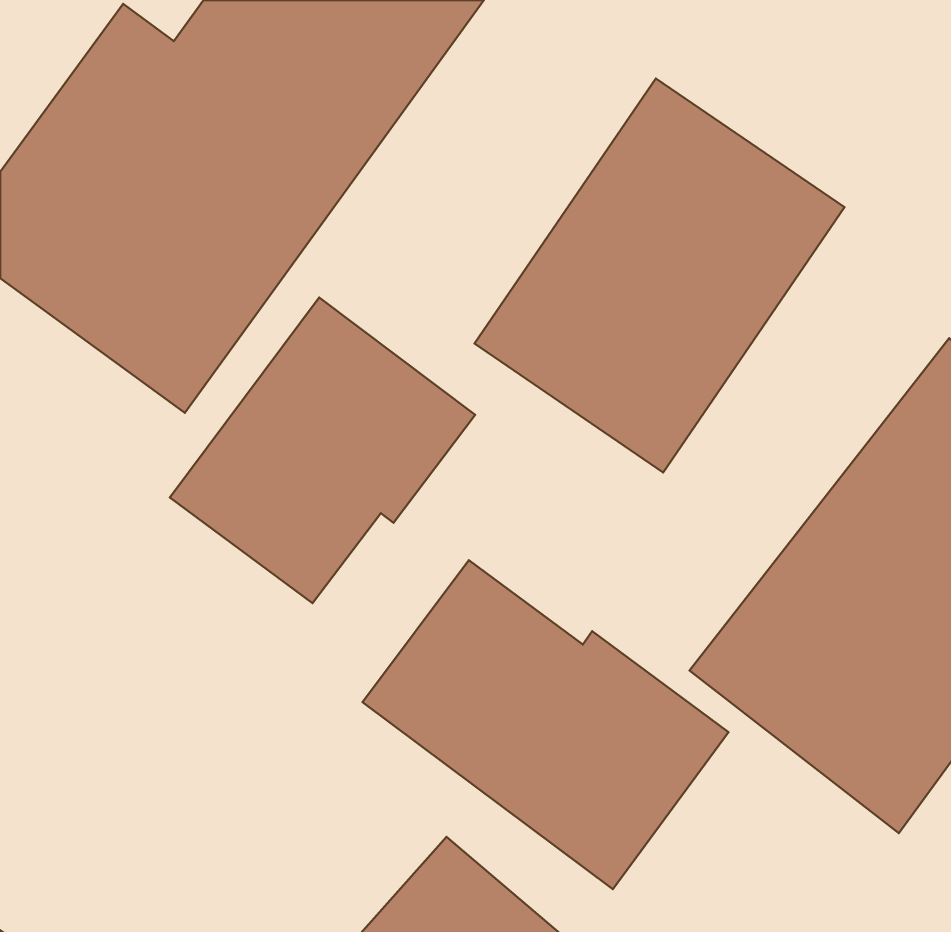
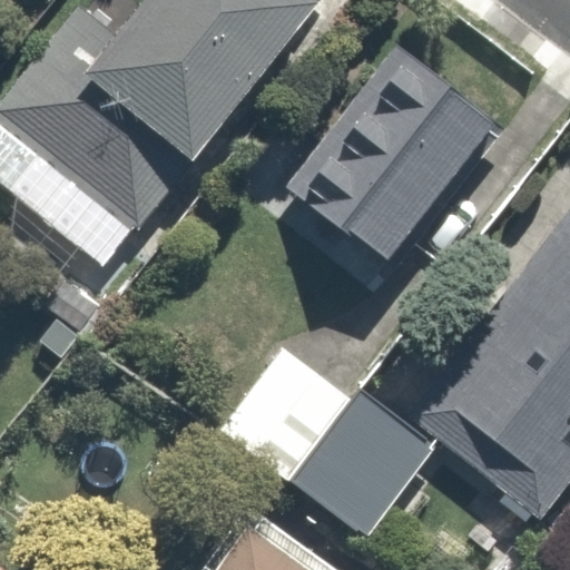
building: [170,297,475,603] -> none

